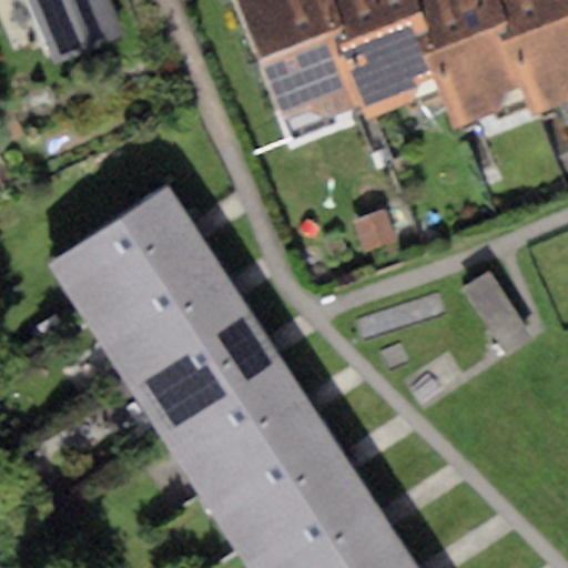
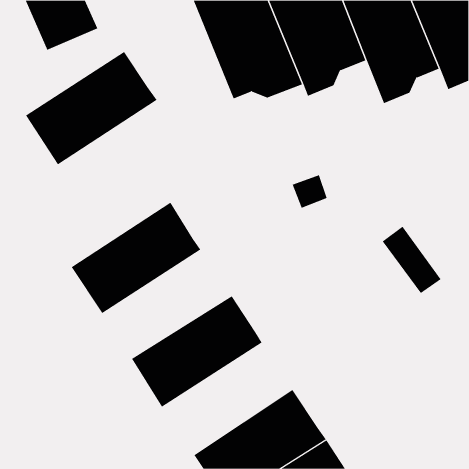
building: [47,185,206,323] -> [25,51,157,165]
building: [123,302,281,434] -> none
building: [195,414,354,550] -> none

